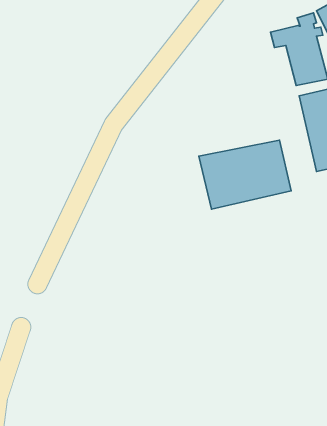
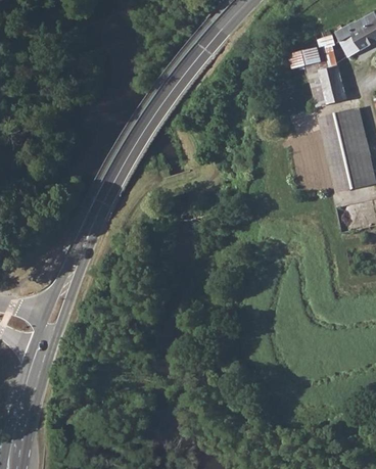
building: [199,140,291,209] -> none

